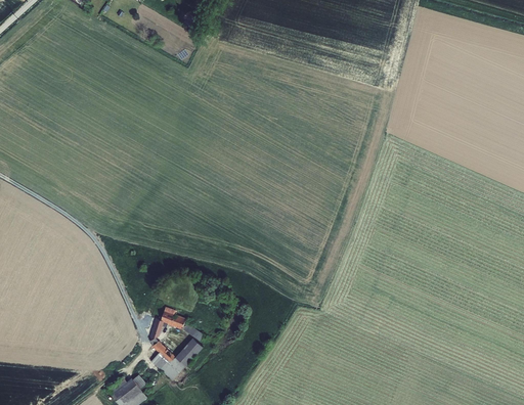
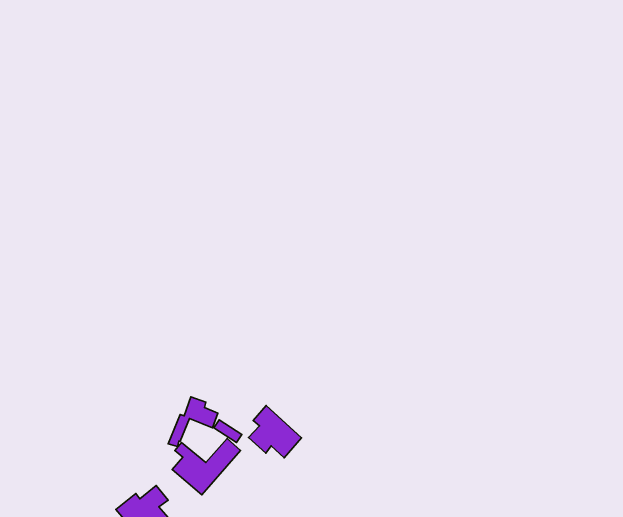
building: none -> [248,406,301,458]

